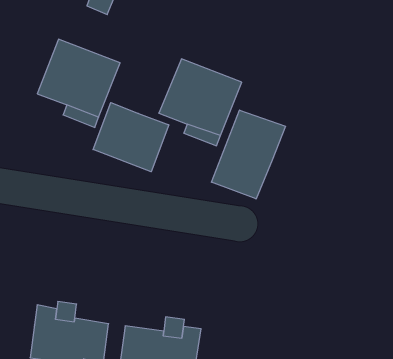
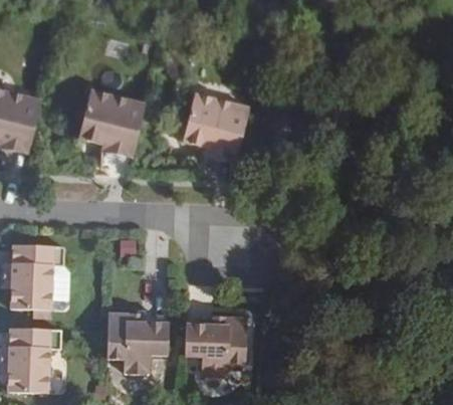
building: [93,103,169,172] -> none
building: [211,110,286,199] -> none

